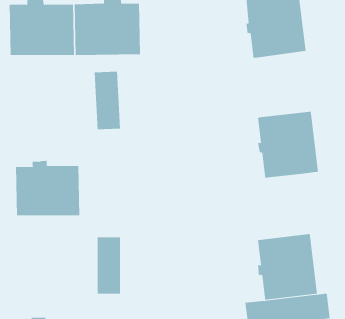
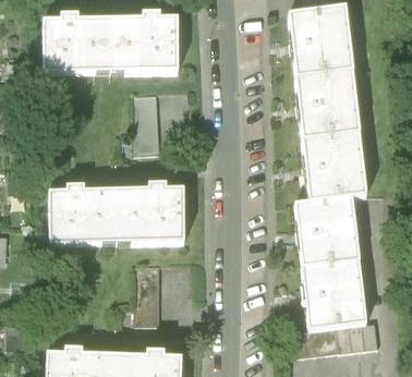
building: none -> [296,71,360,139]
building: none -> [118,184,185,242]
building: none -> [296,198,360,267]

